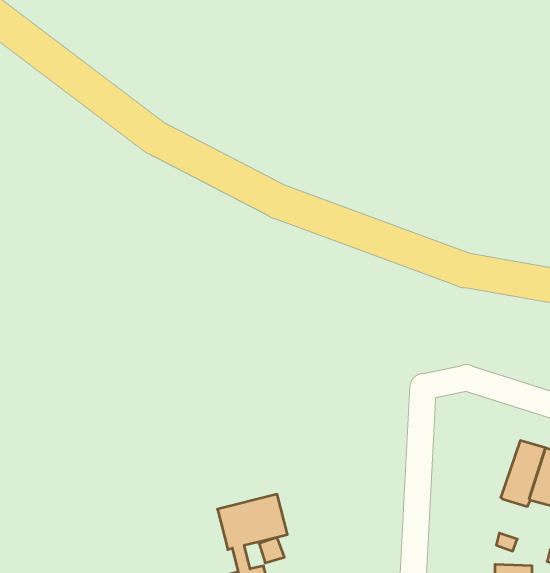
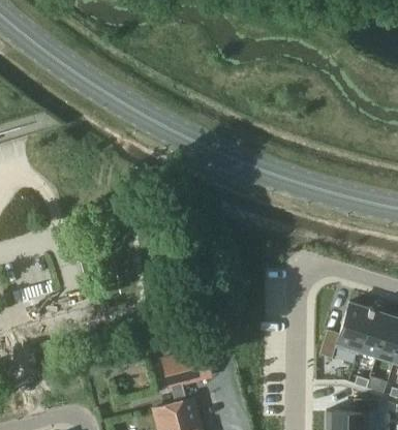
building: none -> [319,301,373,357]

